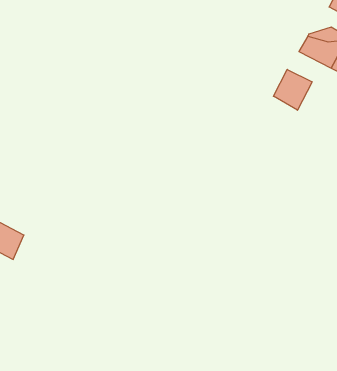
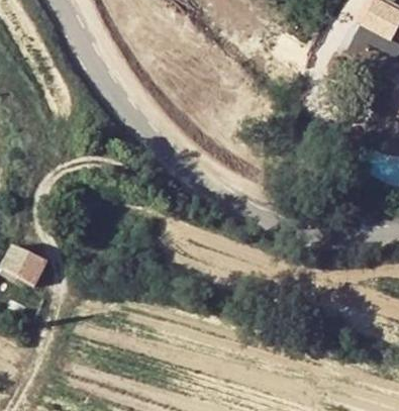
building: [273,69,312,110] -> none

